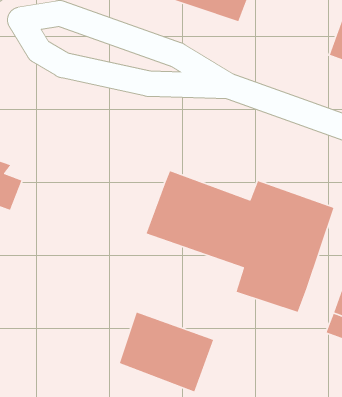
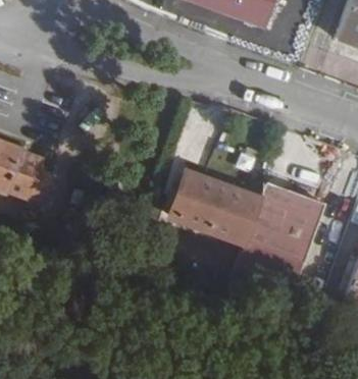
building: [119,312,214,393] -> none

